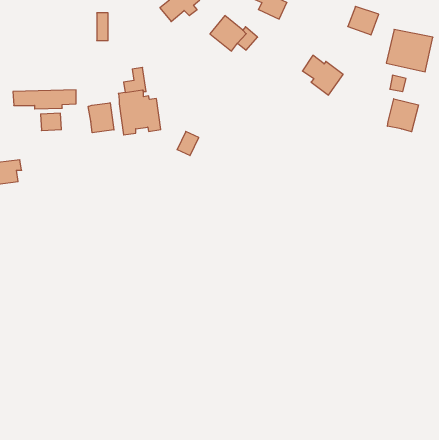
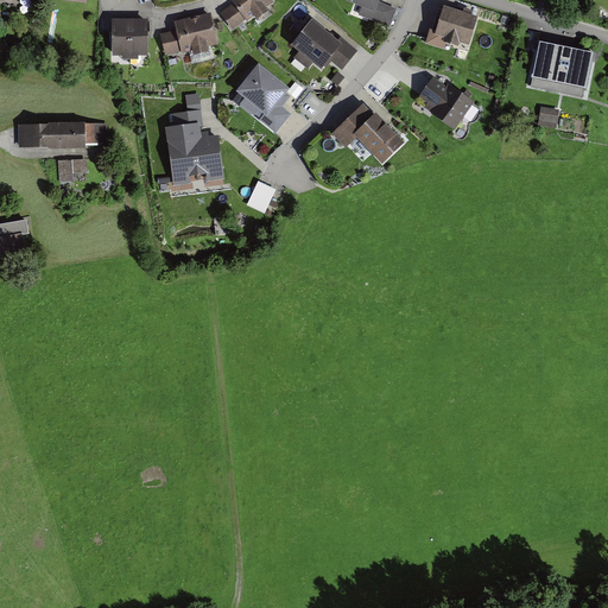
building: [348,6,379,35] -> [435,5,477,44]
building: none -> [162,13,215,53]
building: none -> [114,18,133,57]
building: none -> [236,63,293,132]
building: none -> [336,102,407,163]
building: [387,99,418,132] -> none
building: [88,103,114,133] -> none

